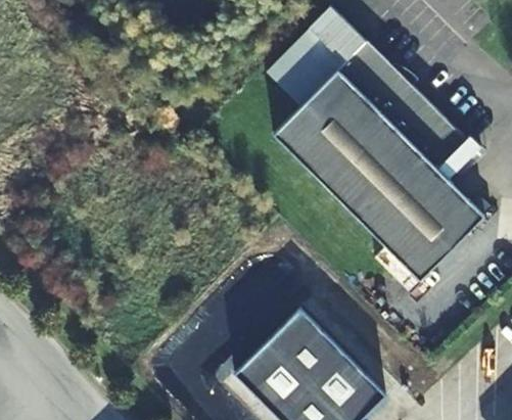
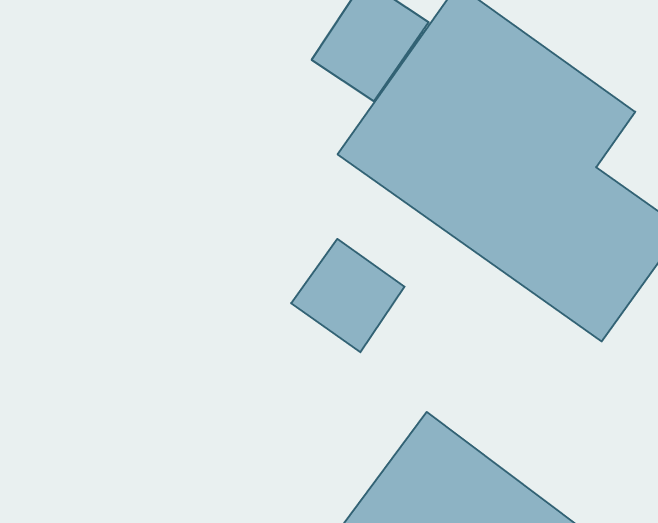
building: none -> [291,239,405,352]

